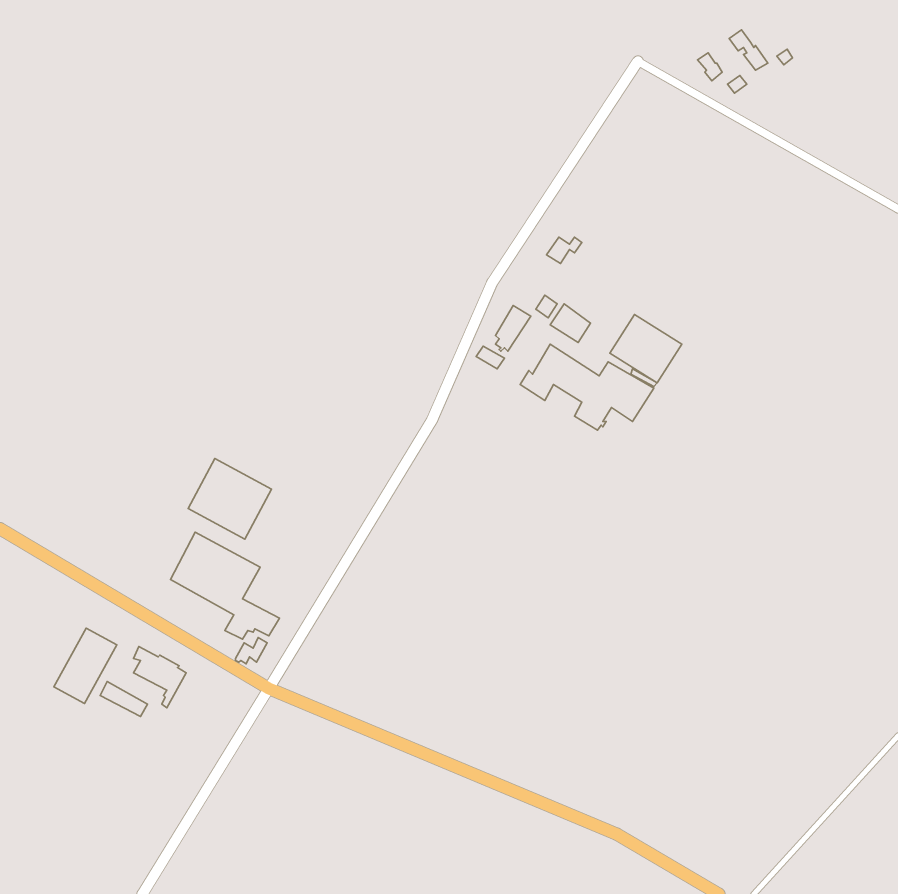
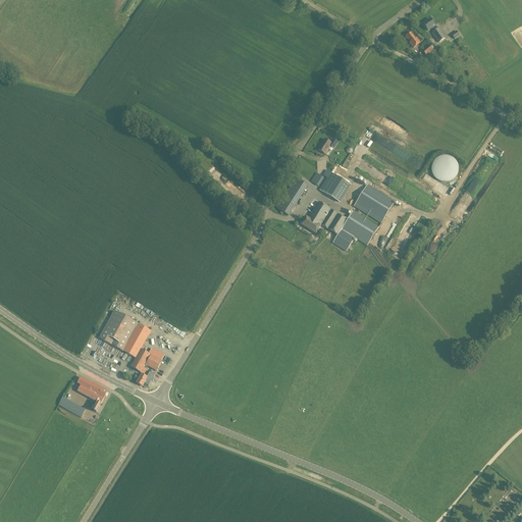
building: none -> [431,154,459,180]
building: [188,459,271,539] -> none
building: [54,628,117,703] -> none

